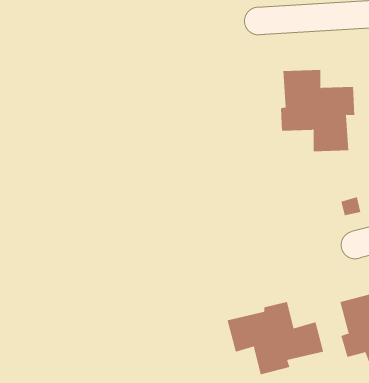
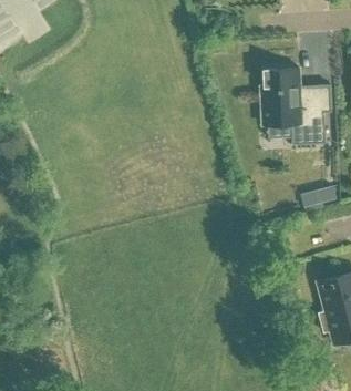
building: [227,301,324,375] -> none

